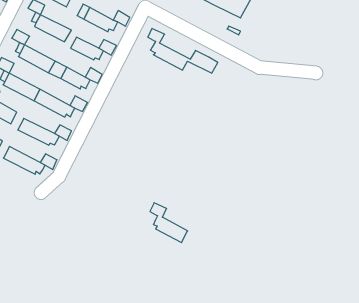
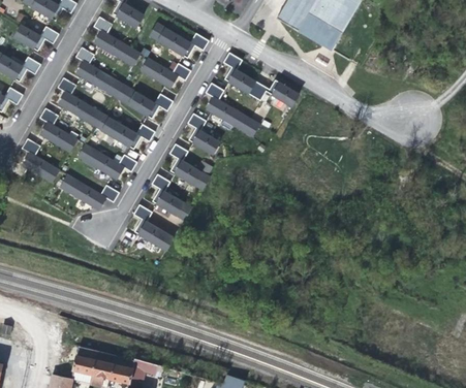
building: none -> [206,84,259,137]
building: none -> [188,115,220,156]
building: none -> [169,146,210,191]
building: none -> [152,175,192,221]
building: [150,203,188,243] -> [134,206,175,252]

